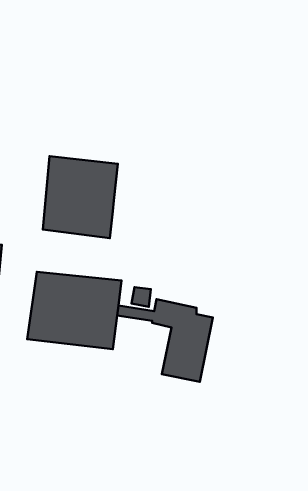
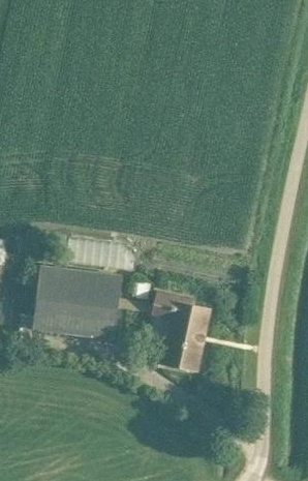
building: [43,156,118,238] -> none

